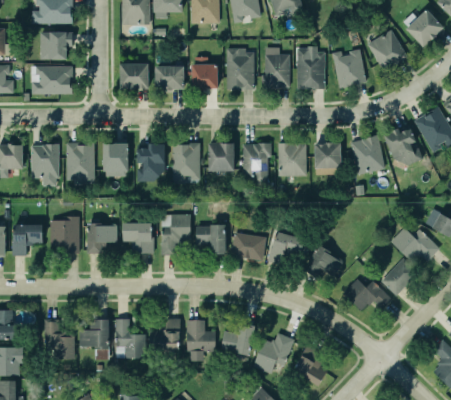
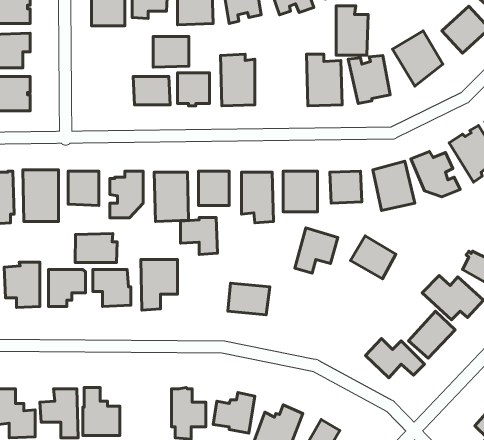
building: [265,48,291,88] -> [336,6,368,55]
building: [121,64,150,89] -> [153,37,189,67]
building: none -> [75,234,117,262]
building: [196,224,226,254] -> [181,217,218,254]
building: [268,231,303,268] -> [295,228,338,273]
building: [307,246,344,281] -> [350,236,396,279]
building: [150,318,180,350] -> none

